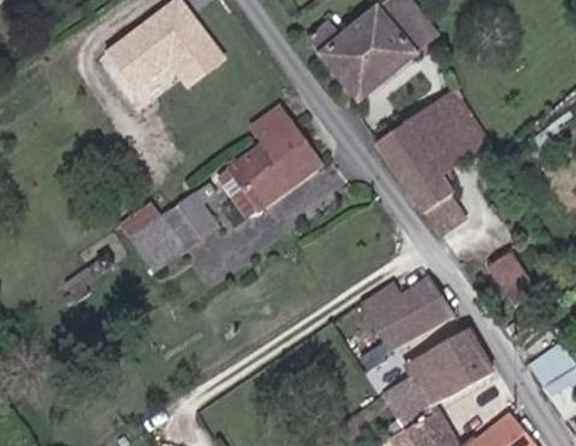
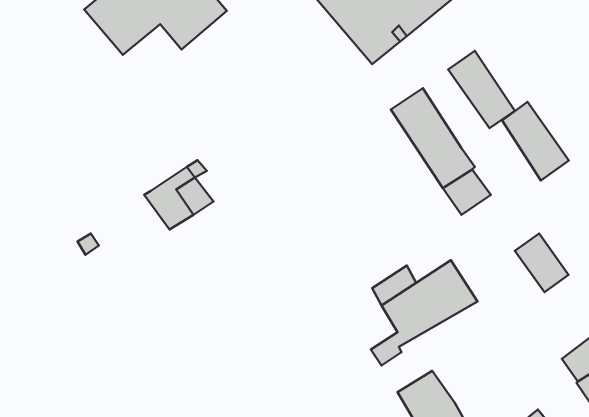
building: [219,106,320,218] -> none
building: [405,106,465,177] -> [502,102,569,180]
building: [121,203,178,269] -> none
building: [405,329,492,405] -> none

